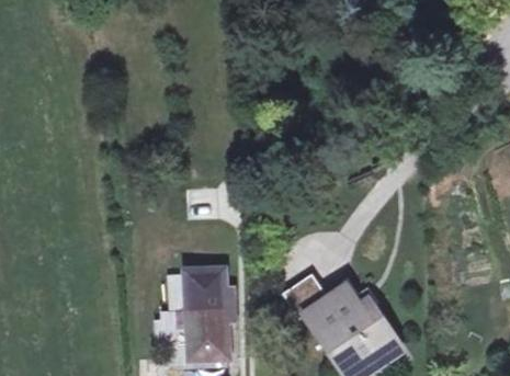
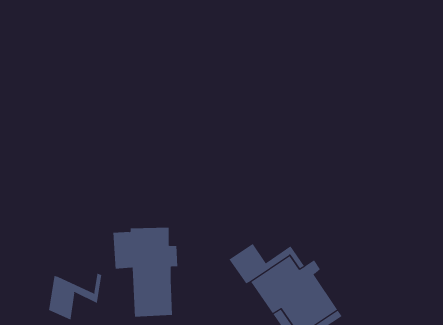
building: none -> [48,273,102,320]

